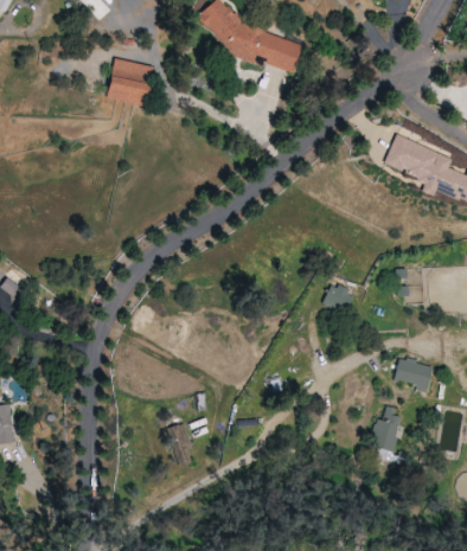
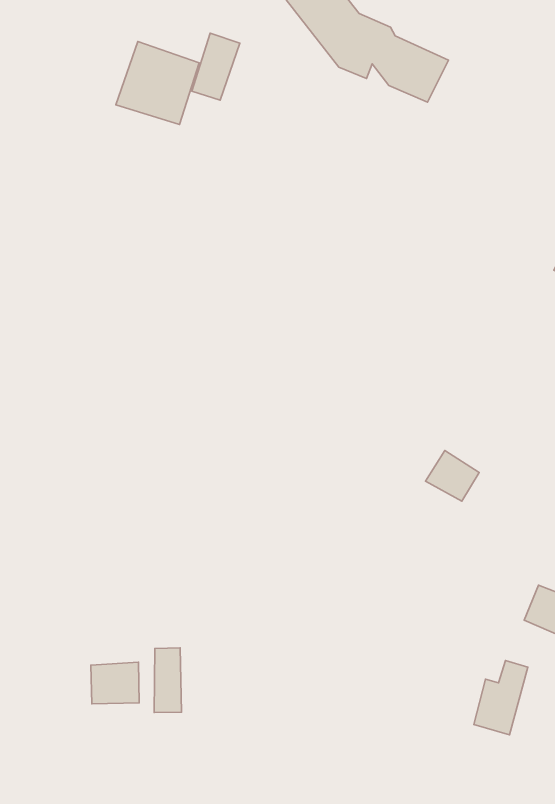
building: none -> [192,33,240,100]
building: none -> [91,662,139,704]

